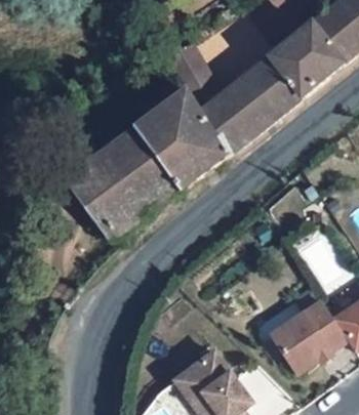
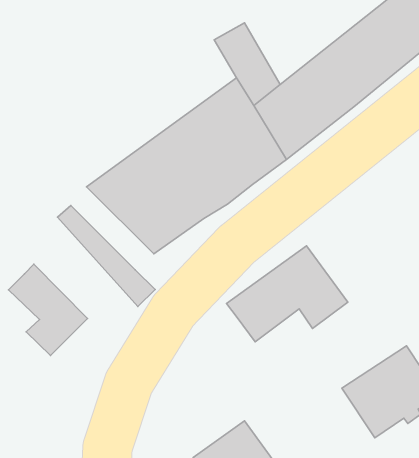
building: none -> [227,246,348,342]
building: none -> [9,264,88,355]

